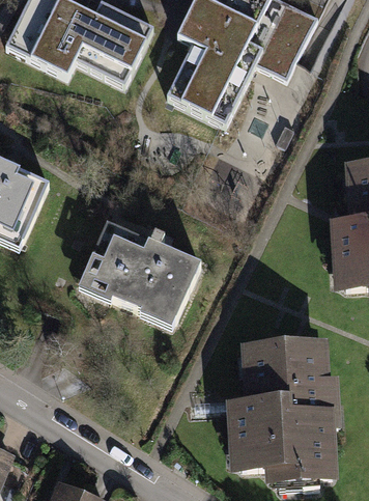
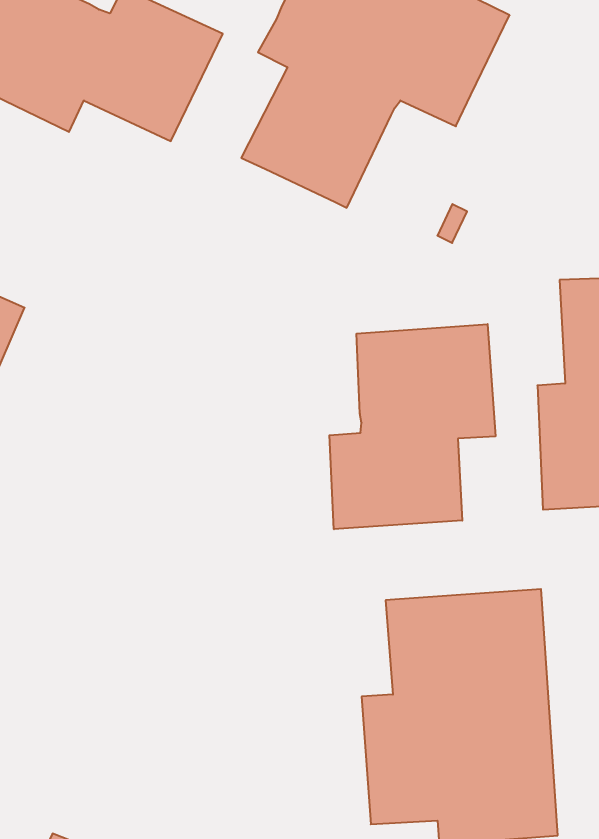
building: none -> [329,324,495,529]
building: [75,219,200,327] -> none

